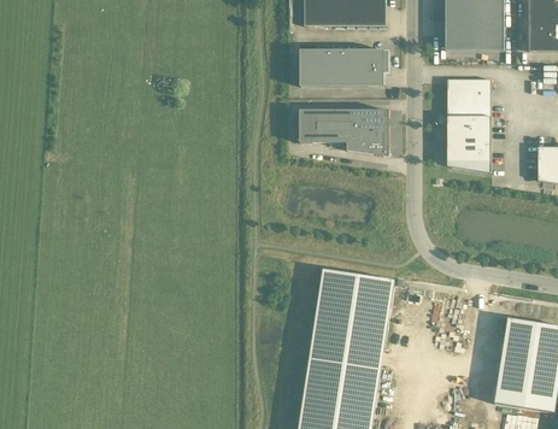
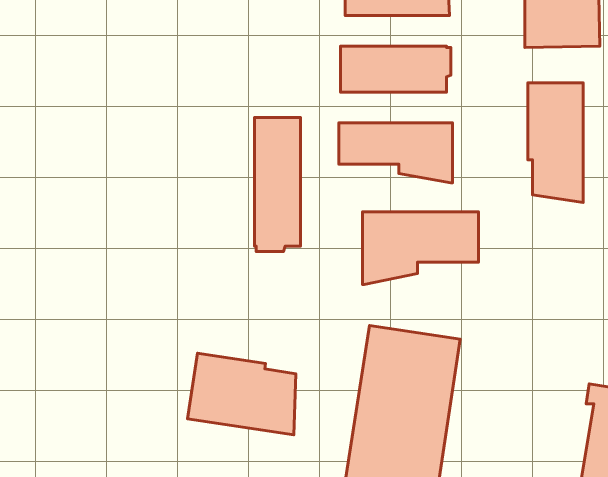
building: none -> [255,118,300,252]
building: none -> [363,212,479,285]
building: none -> [188,353,296,435]

